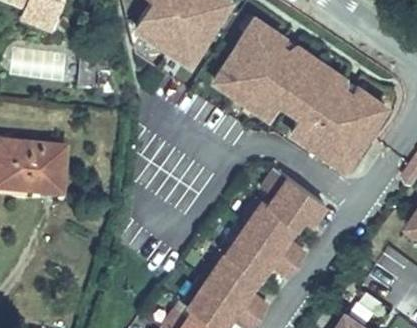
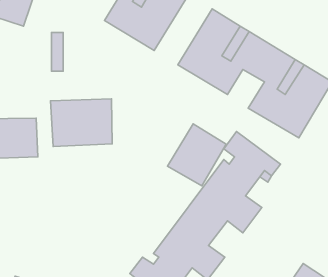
building: none -> [51,99,112,146]
building: none -> [167,124,226,186]

